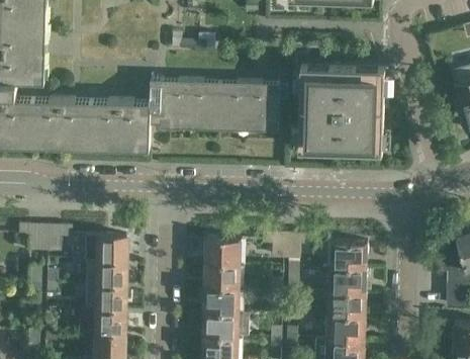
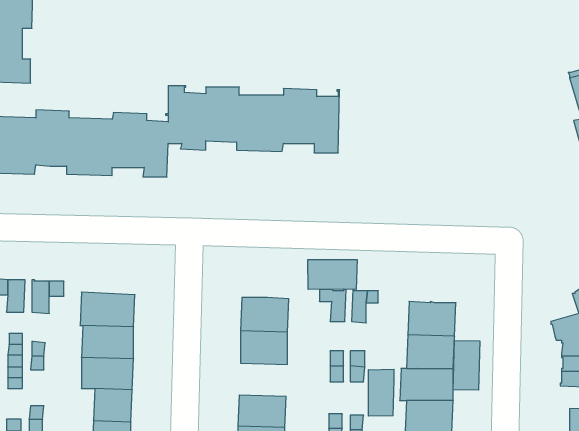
building: [299,67,386,154] -> none
building: none -> [308,260,357,289]
building: none -> [453,341,480,390]
building: [204,290,241,316] -> none
building: none -> [368,369,394,416]

